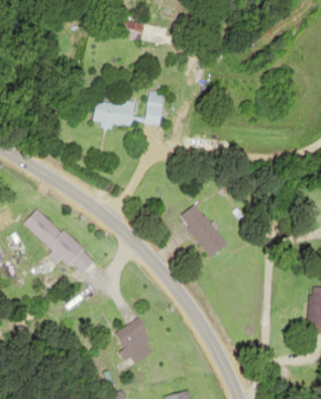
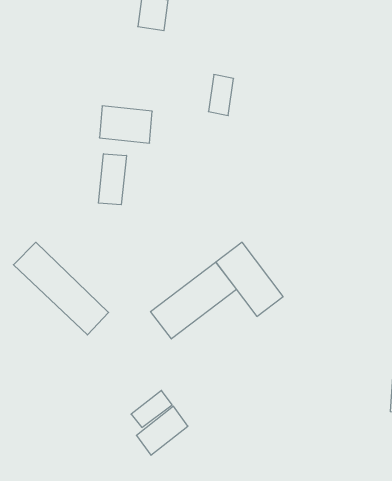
building: [142,94,162,125] -> [208,75,234,116]
building: none -> [98,154,126,205]
building: none -> [151,262,237,339]

